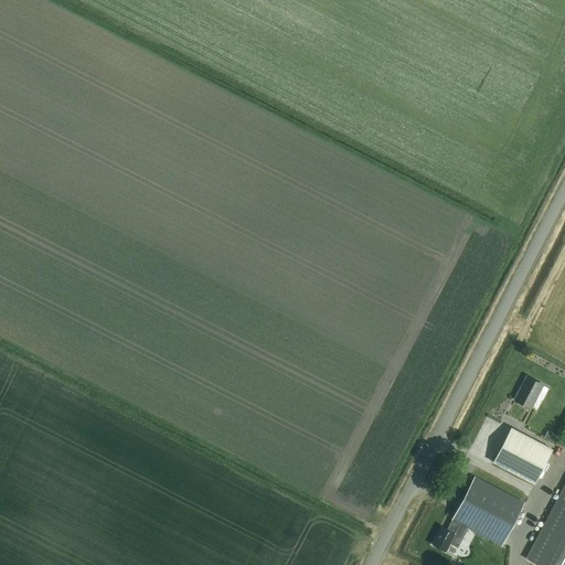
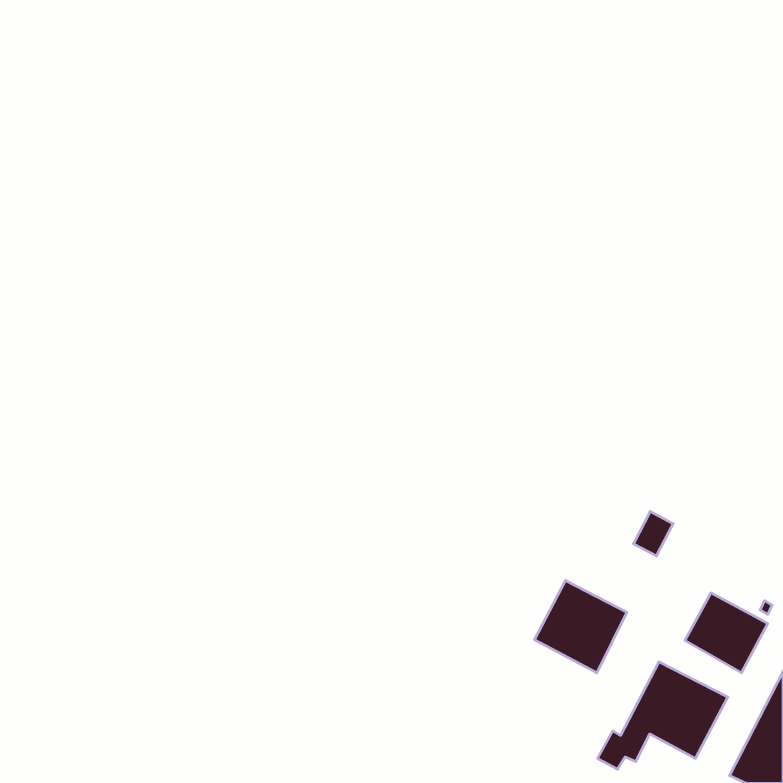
building: [514,376,543,408] -> [633,511,673,556]
building: none -> [534,580,627,673]

